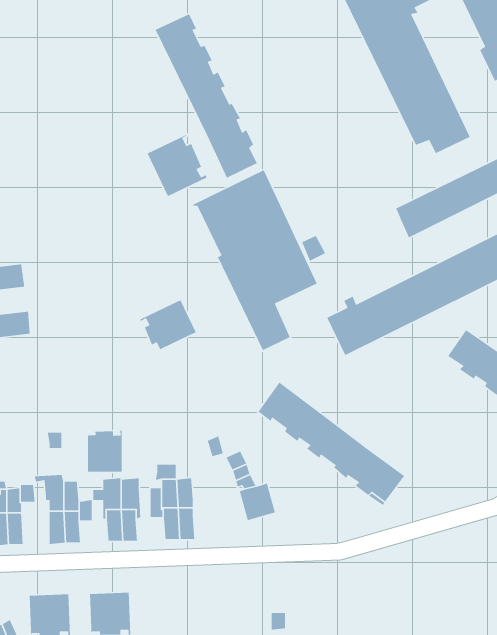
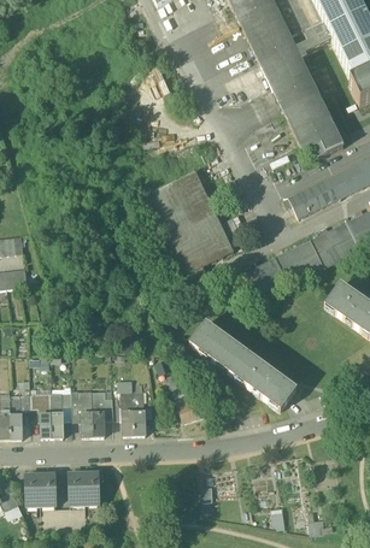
building: [154,13,258,179] -> none
building: [147,134,208,197] -> none
building: [139,299,197,353] -> none
building: [87,430,122,472] -> none

